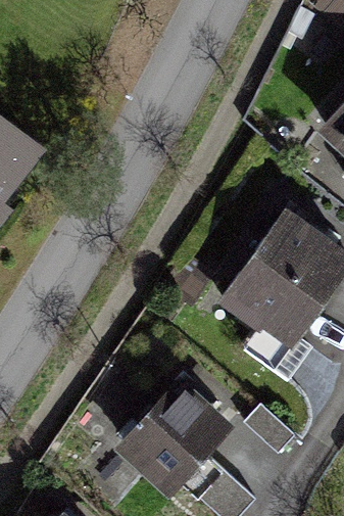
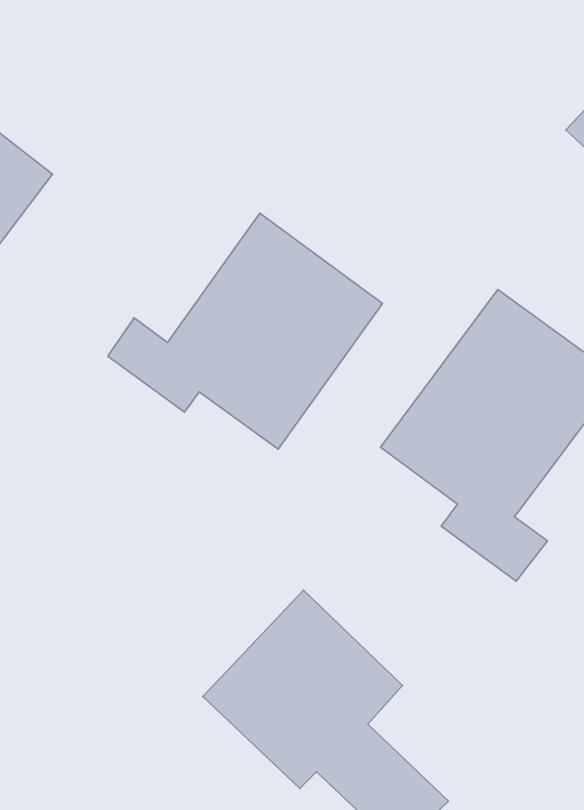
building: none -> [108,213,383,449]

